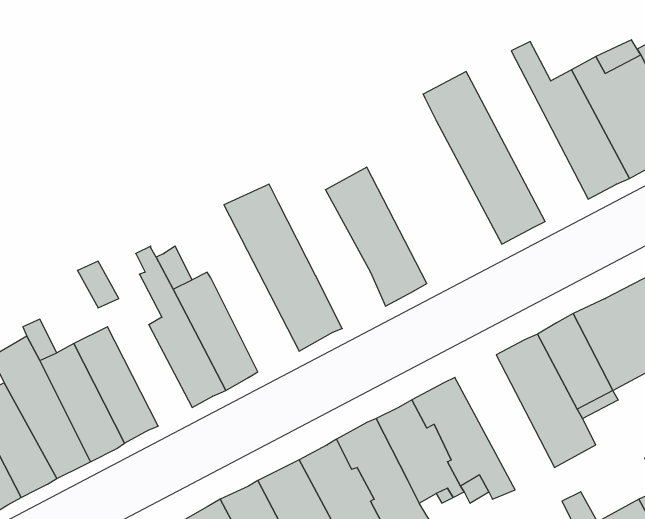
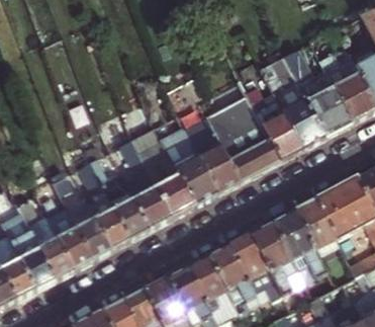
building: none -> [260,56,324,148]
building: none -> [202,93,278,181]
building: none -> [158,126,215,206]
building: none -> [117,139,169,229]
building: none -> [70,203,111,258]
building: none -> [253,220,306,293]

